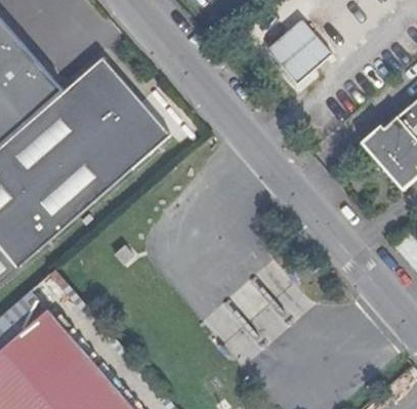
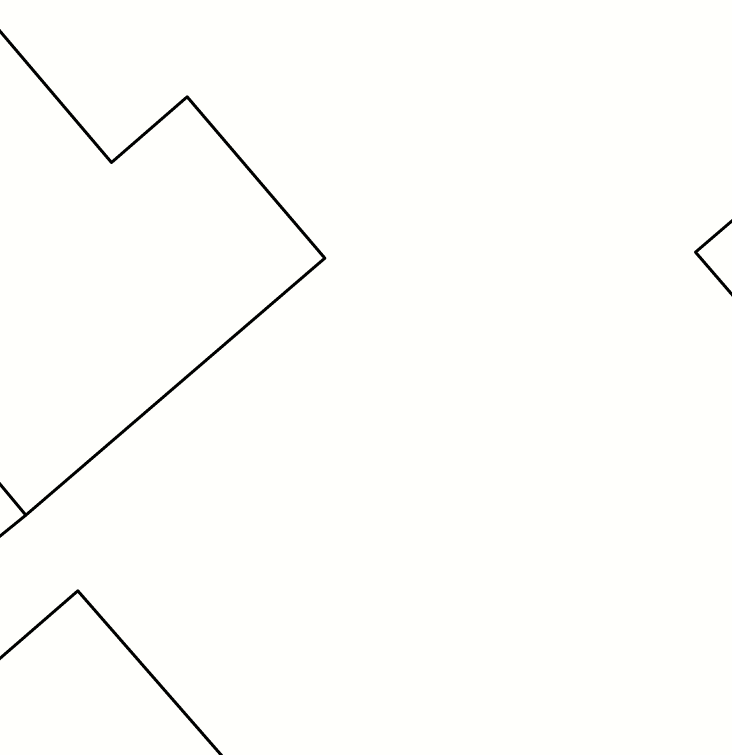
building: [266,12,329,76] -> none

